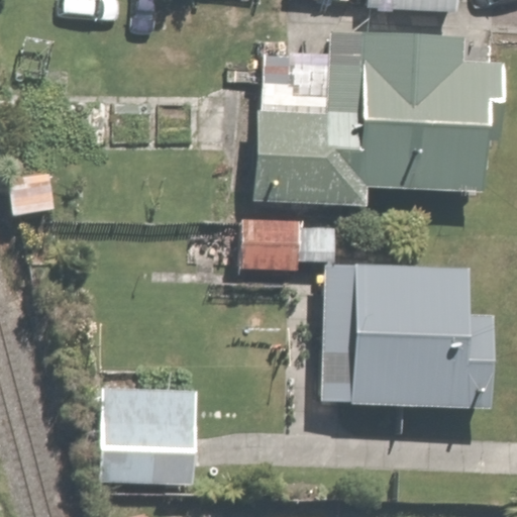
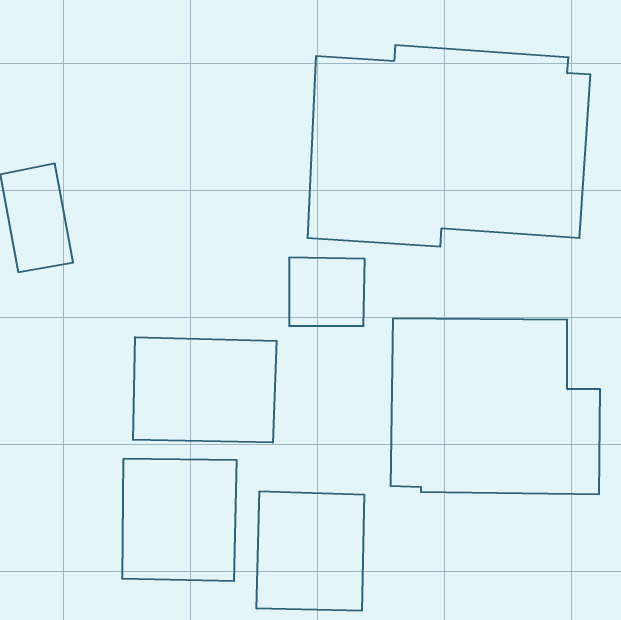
building: none -> [133,337,276,443]
building: none -> [256,491,364,611]

